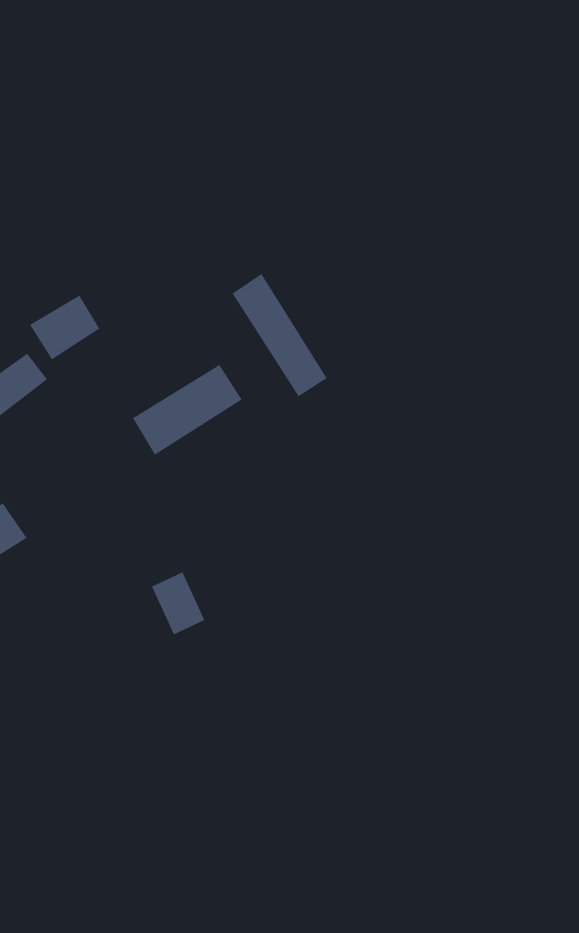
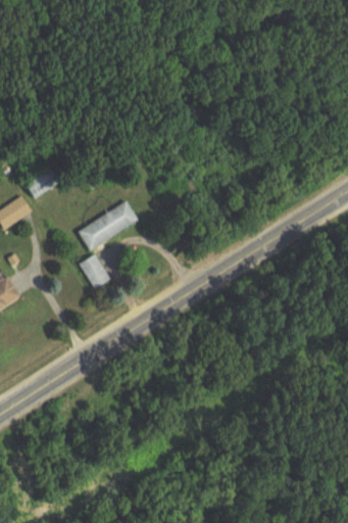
building: [232,273,328,397] -> none
building: [151,572,205,635] -> [80,253,109,288]

